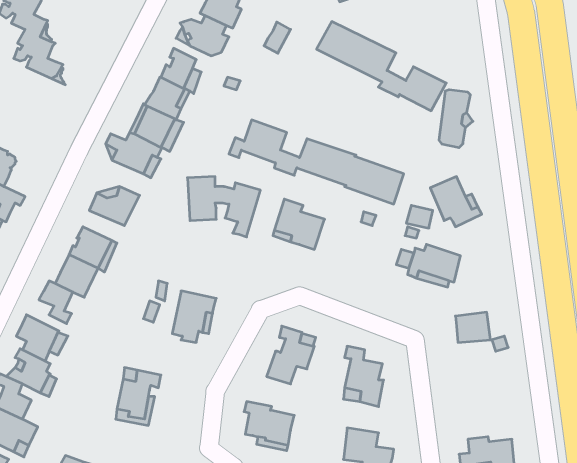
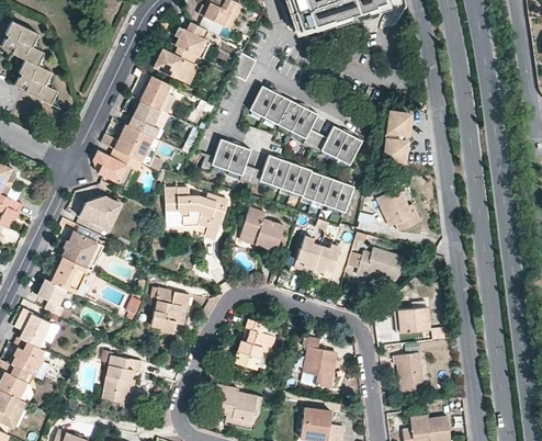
building: [317,22,446,111] -> [249,86,362,163]
building: none -> [293,236,340,280]
building: none -> [393,352,424,392]

